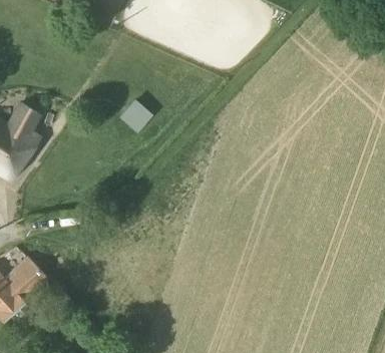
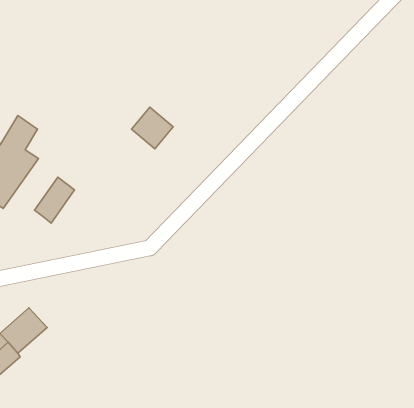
building: none -> [34,177,74,223]

